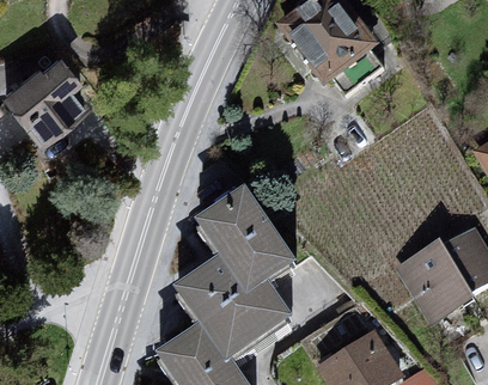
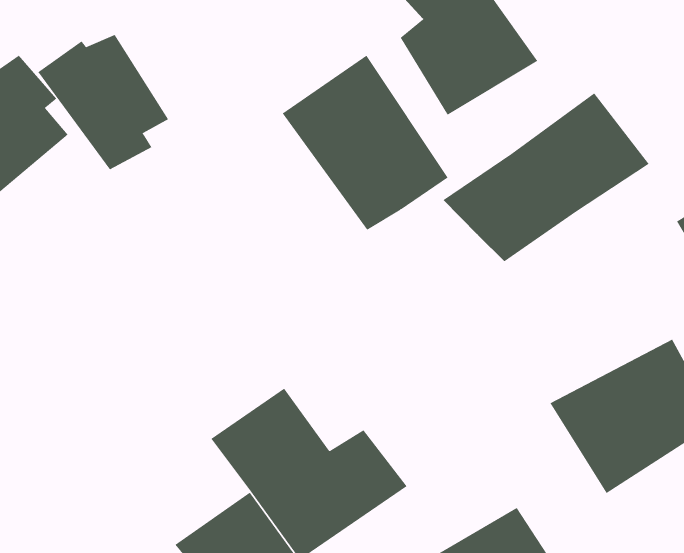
building: none -> [37,34,169,170]
building: none -> [443,93,650,262]
building: [199,185,304,297] -> [282,55,448,231]

